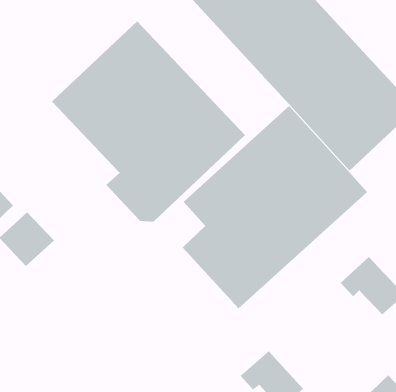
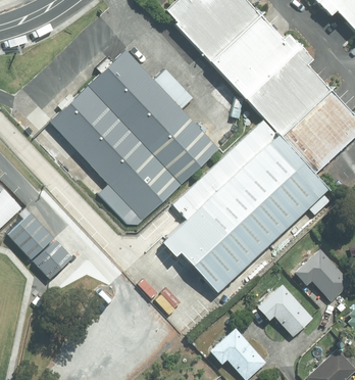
building: none -> [35,240,73,278]
building: none -> [260,286,313,336]

